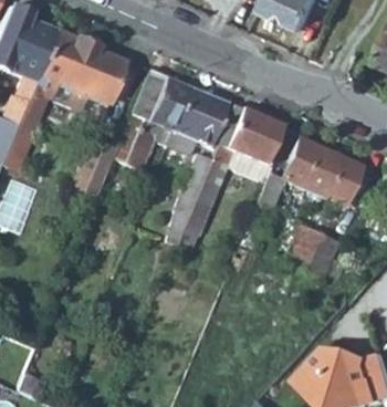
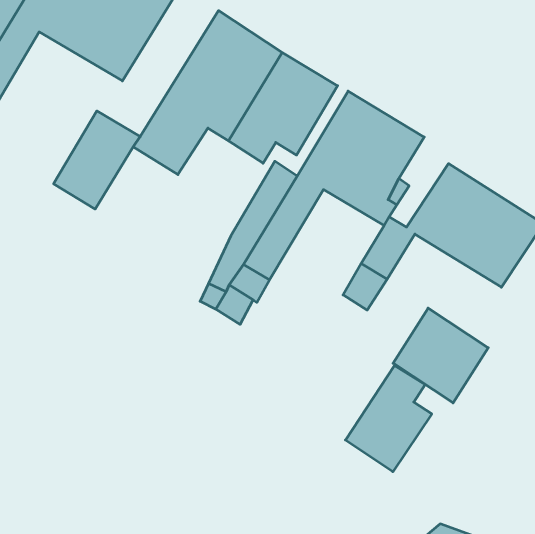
building: none -> [345,366,432,472]

